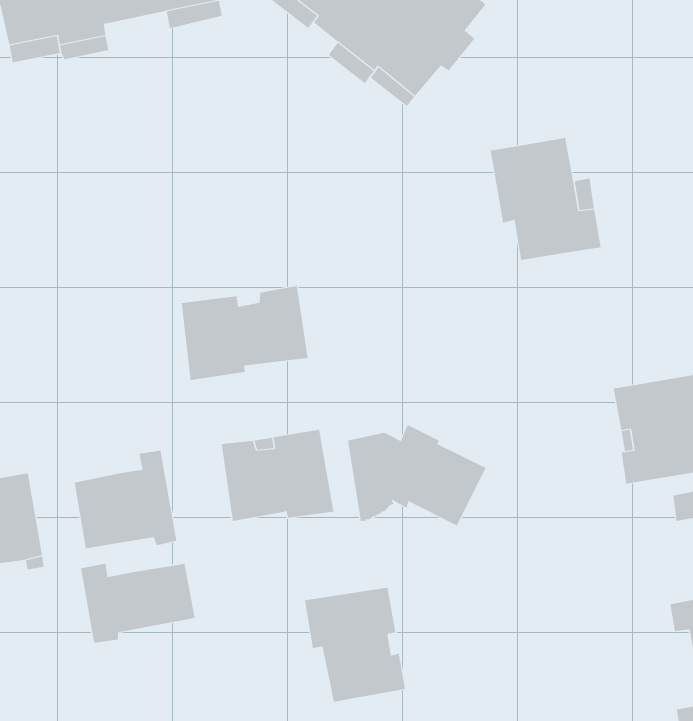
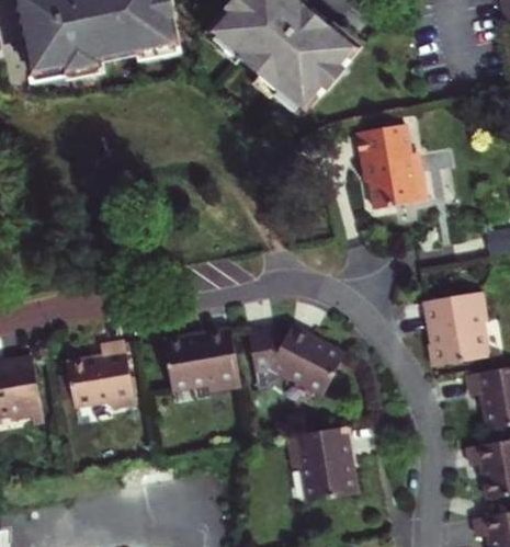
building: [181,285,308,381] -> none
building: [80,563,195,644] -> none
building: [304,587,406,702] -> [290,420,359,498]

